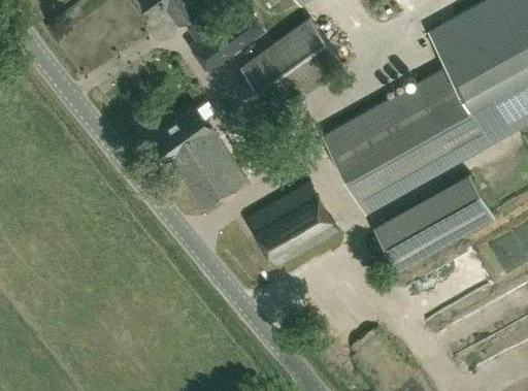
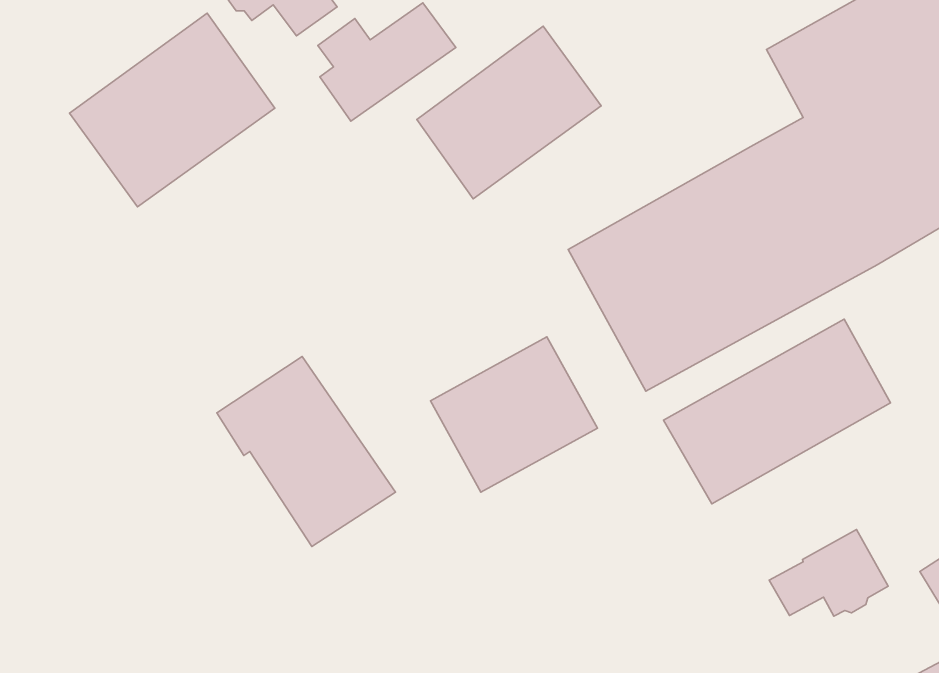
building: none -> [69,13,275,207]
building: [151,109,245,210] -> [217,356,395,547]
building: none -> [769,529,888,616]

